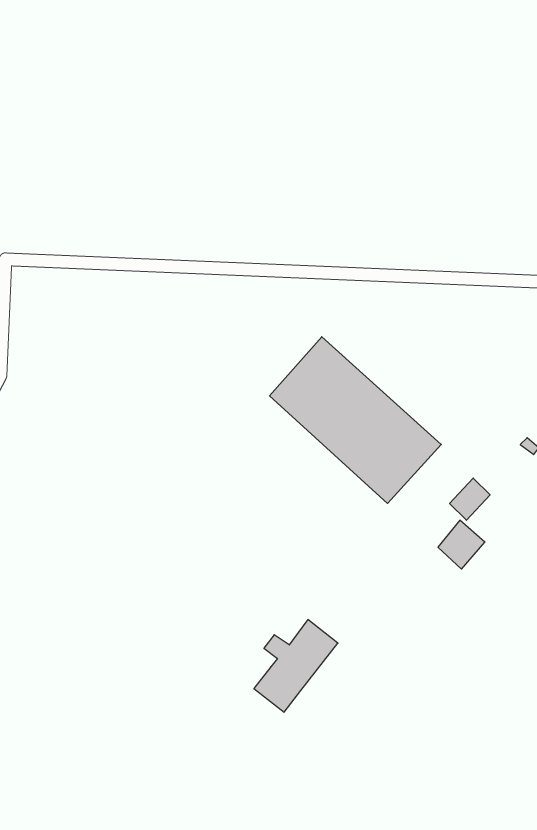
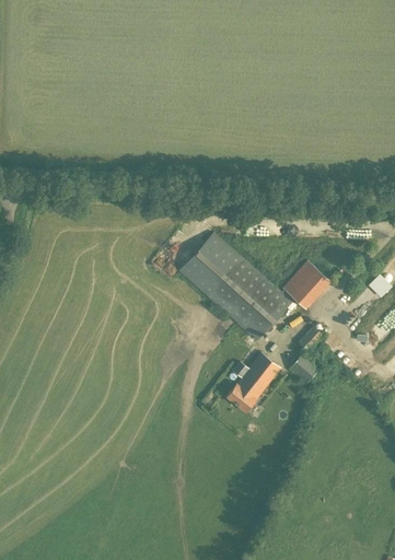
building: none -> [283,260,329,307]
building: [254,620,338,712] -> [226,352,281,412]

